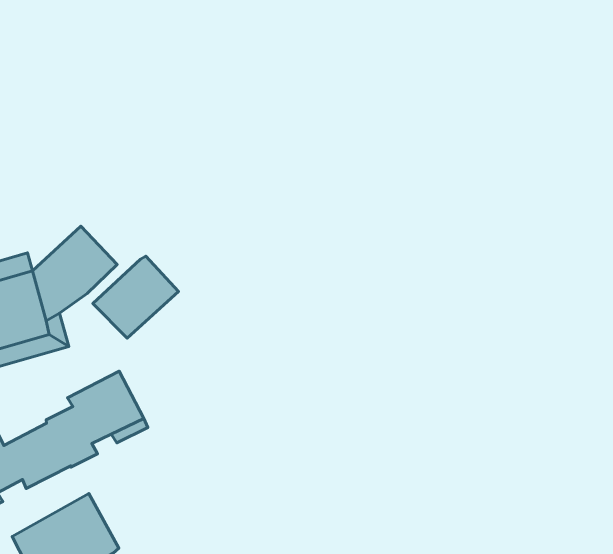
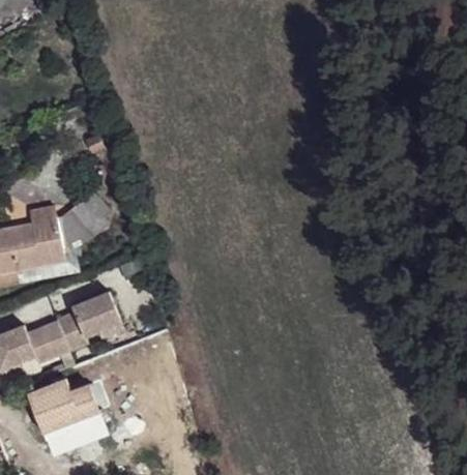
building: [93,256,178,338] -> none

